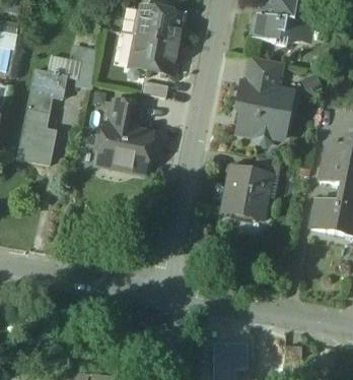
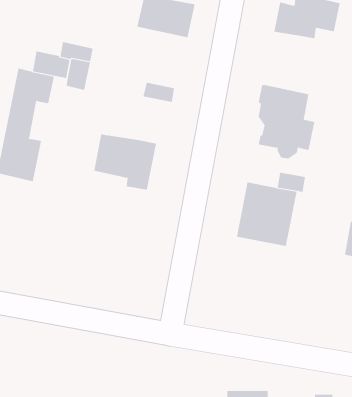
building: [130,33,180,73] -> none
building: [243,55,283,88] -> none
building: [111,100,142,128] -> none

